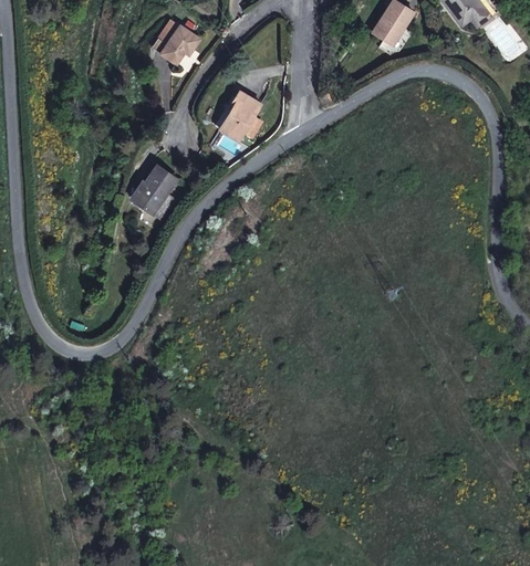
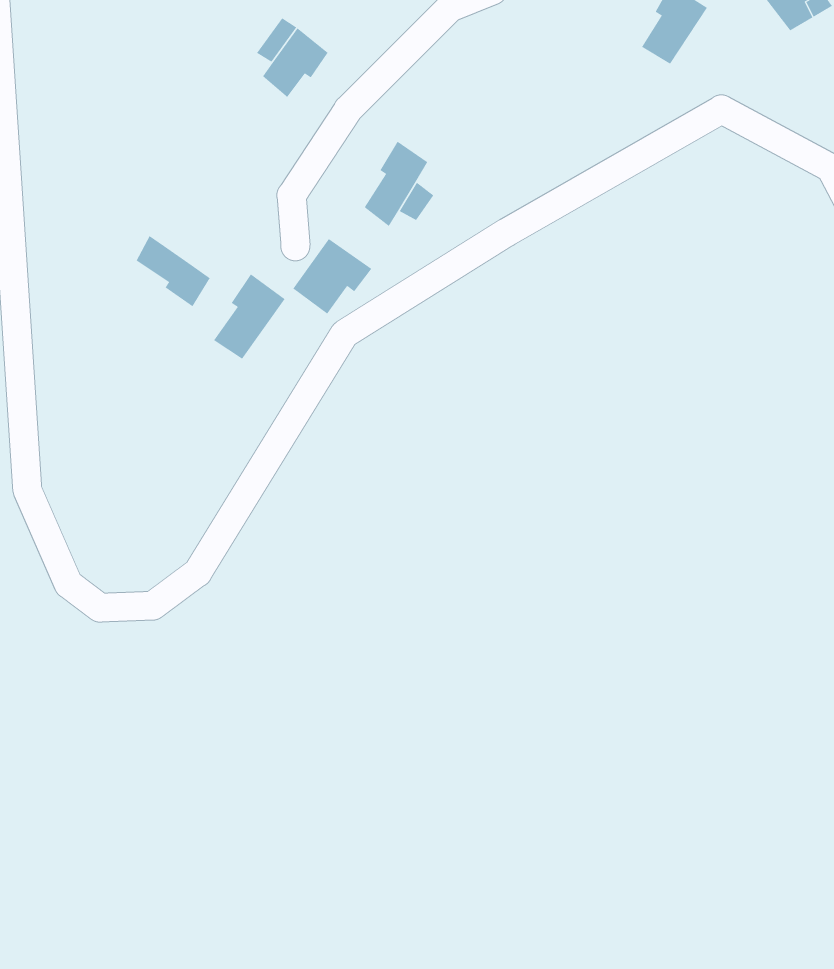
building: none -> [136,235,210,307]
building: none -> [293,238,372,315]

